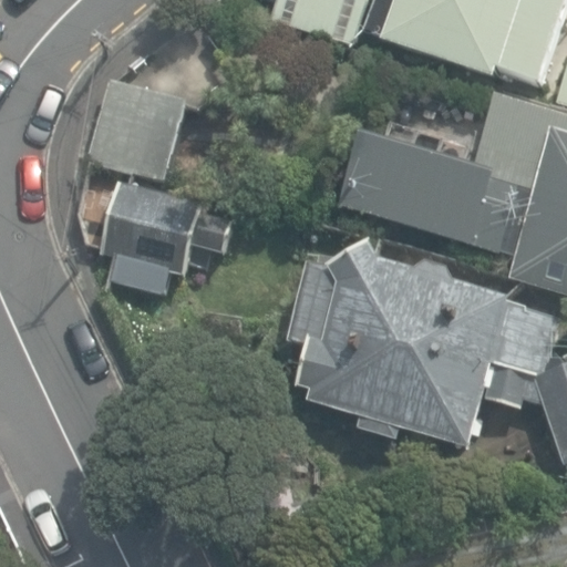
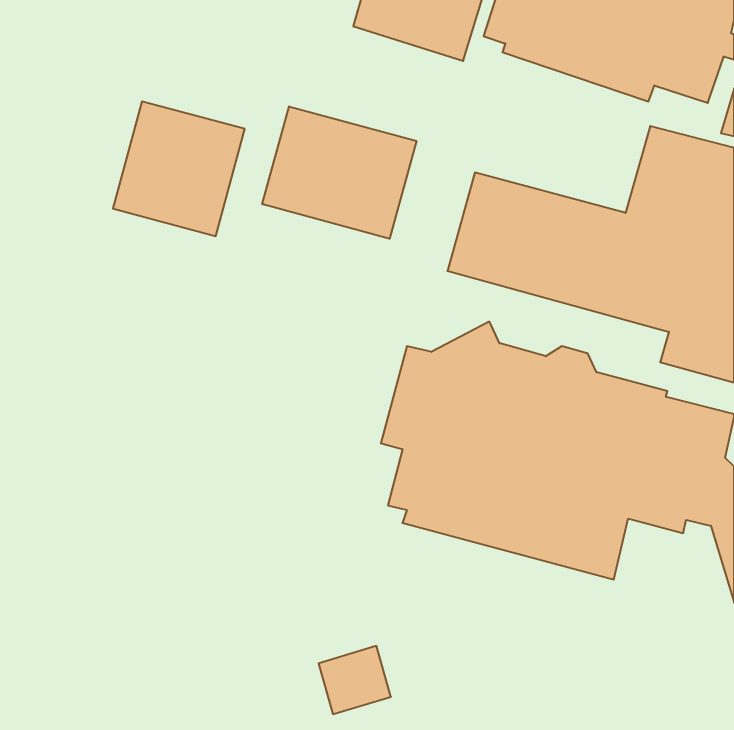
building: none -> [262,106,416,239]
building: [101,182,233,292] -> none

